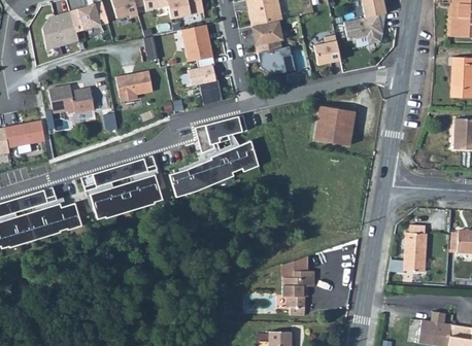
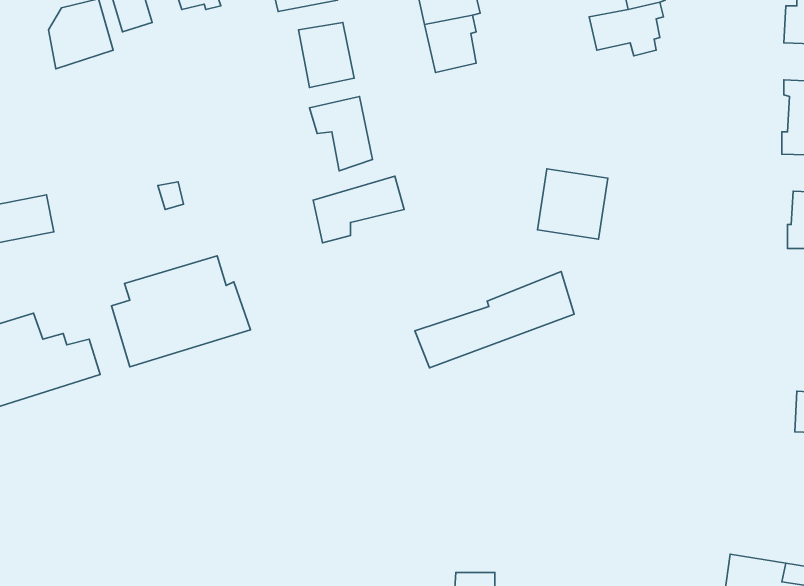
building: [314,35,340,65] -> none
building: [258,45,295,74] -> none
building: [115,70,153,101] -> none
building: [48,86,95,113] -> none
building: [160,137,248,191] -> [415,271,574,368]
building: [389,226,427,273] -> none
building: [282,270,313,314] -> none

